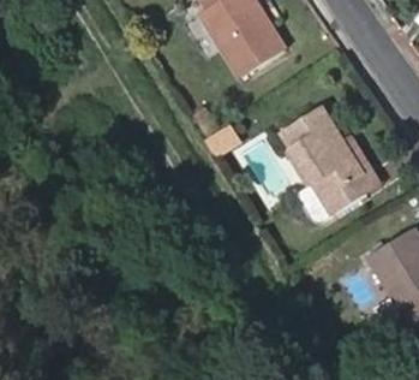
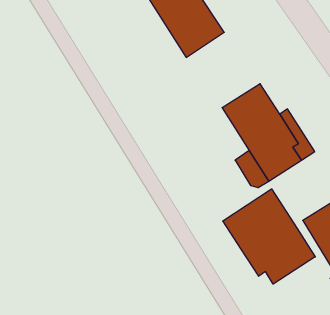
building: none -> [223,189,315,284]

